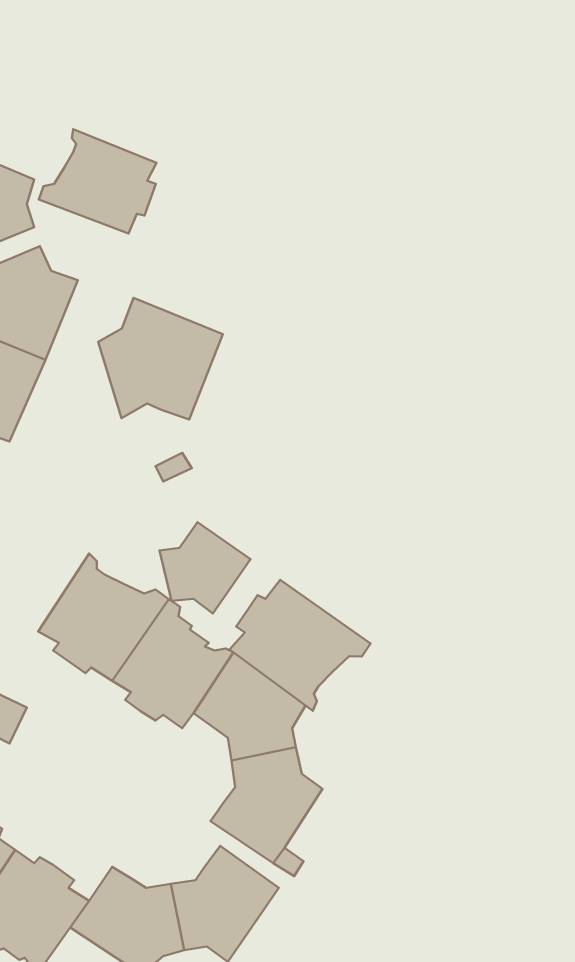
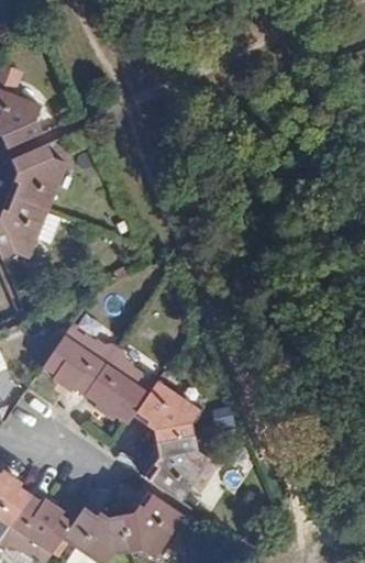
building: [39,129,157,233] -> none
building: [98,298,223,419] -> none
building: [160,522,250,613] -> none
building: [230,580,371,711] -> none

